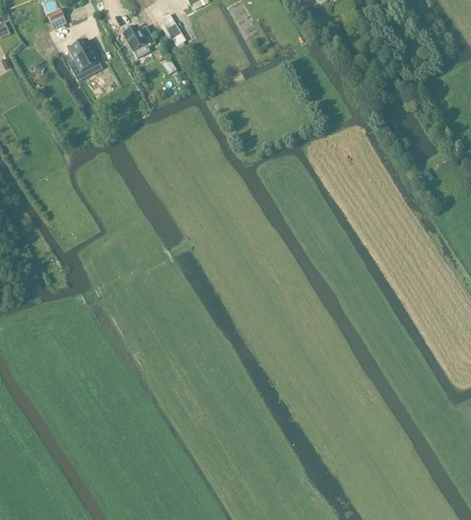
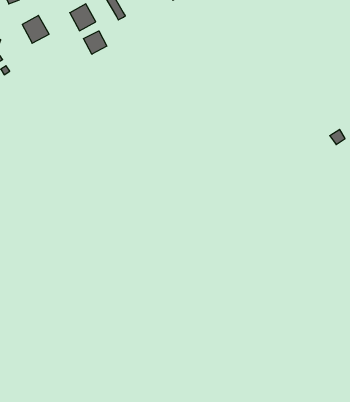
building: none -> [83,31,107,54]

